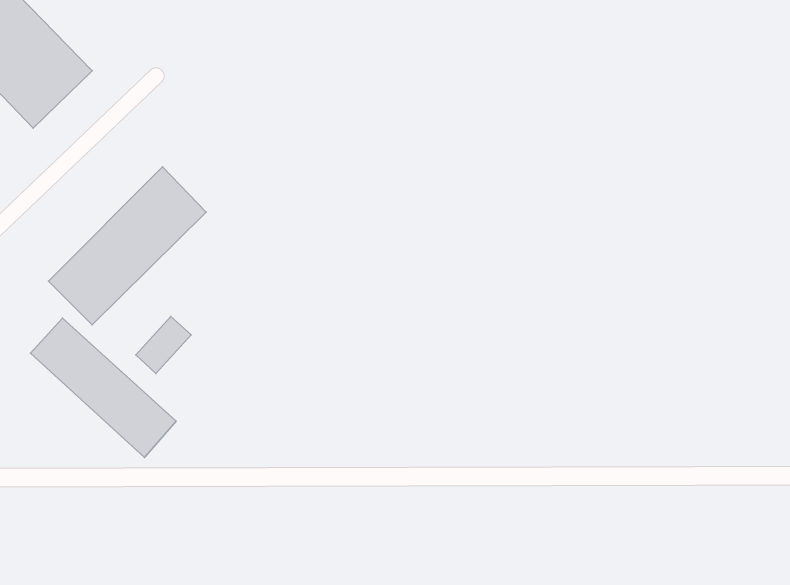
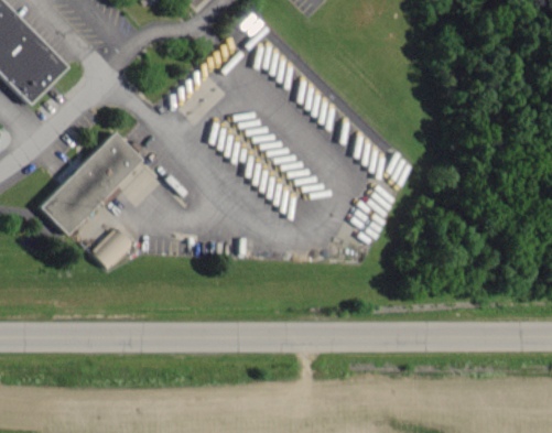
building: [31,318,176,457] -> none

